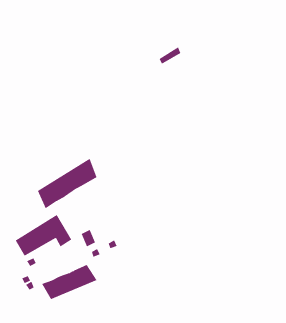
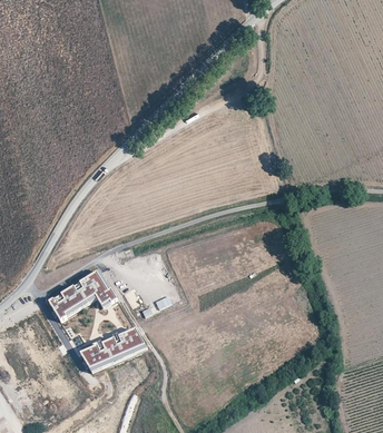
building: [37,158,97,209] -> none

